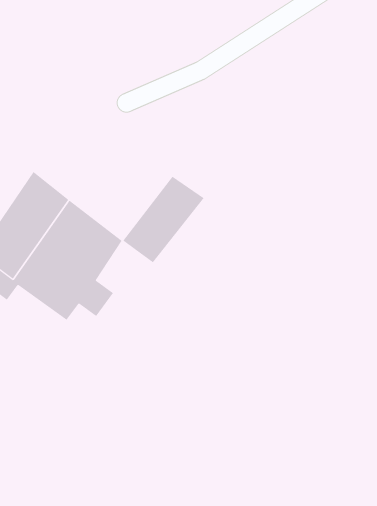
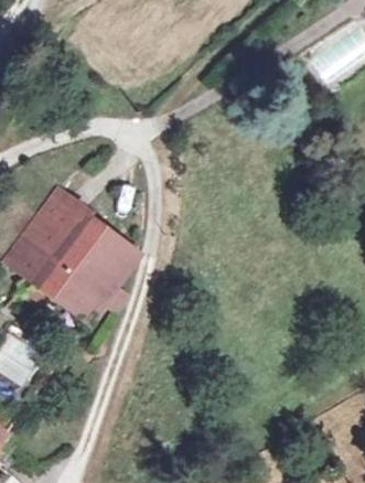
building: [123,176,205,263] -> none

